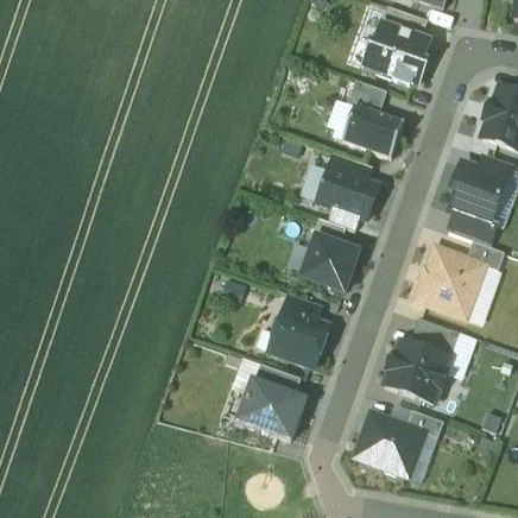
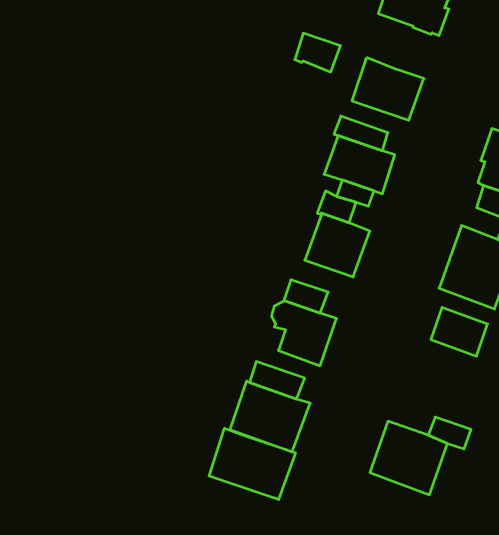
building: [347,80,386,113] -> [295,33,341,72]
building: [384,342,448,403] -> none
building: none -> [209,428,295,500]

